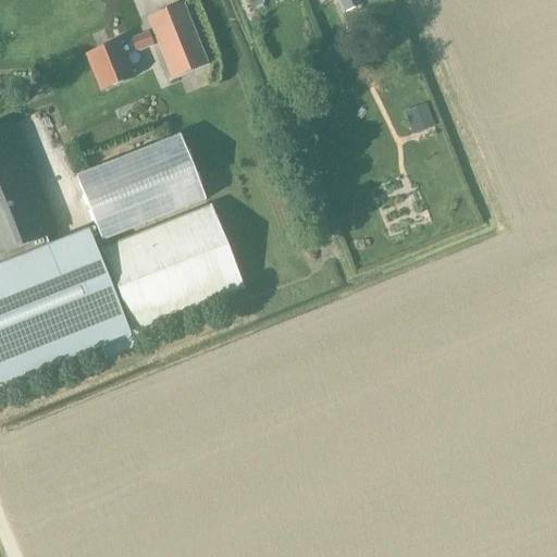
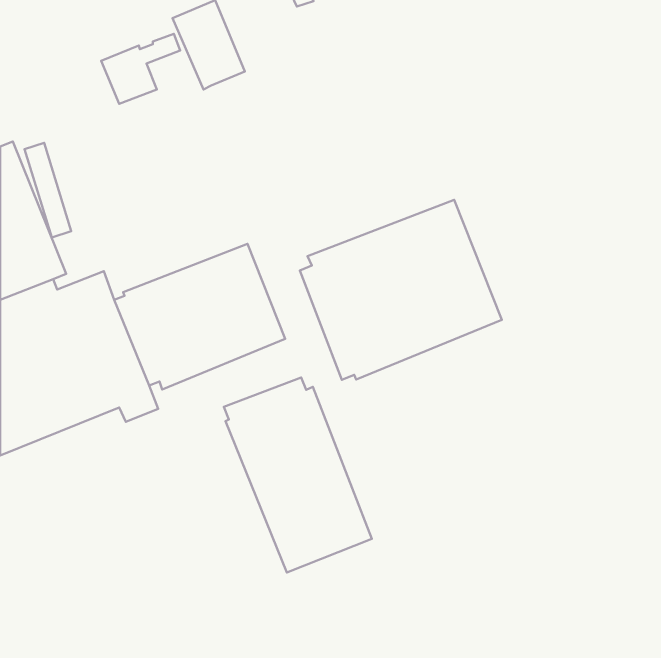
building: [75,132,206,239] -> none
building: none -> [300,200,502,380]
building: none -> [224,377,372,573]

